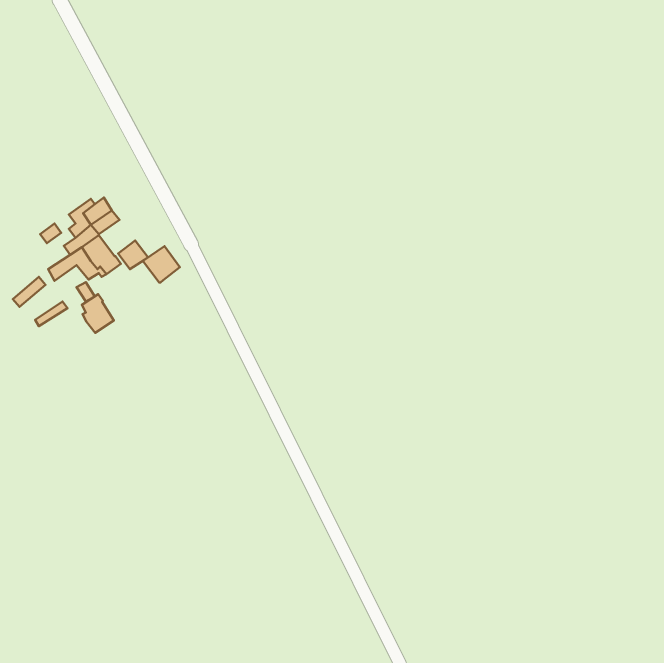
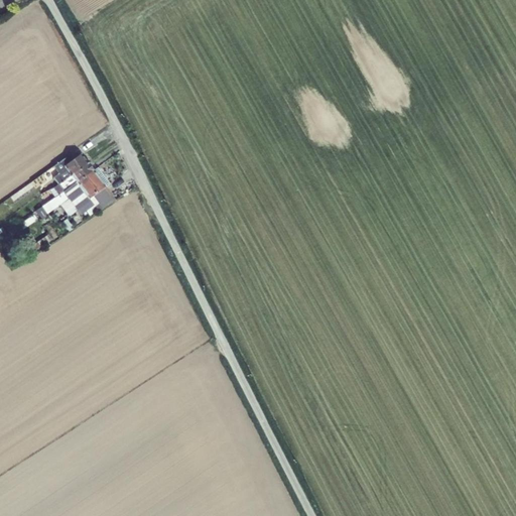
building: [144,246,180,283] -> [77,171,105,200]
building: [82,294,114,333] -> none

